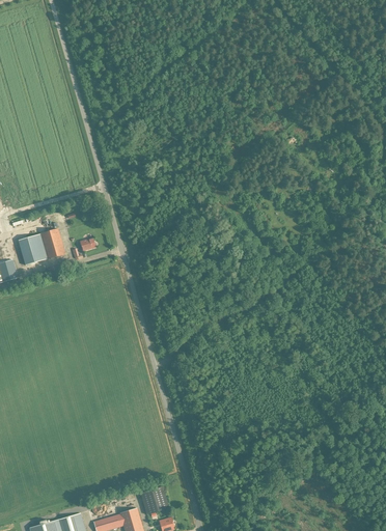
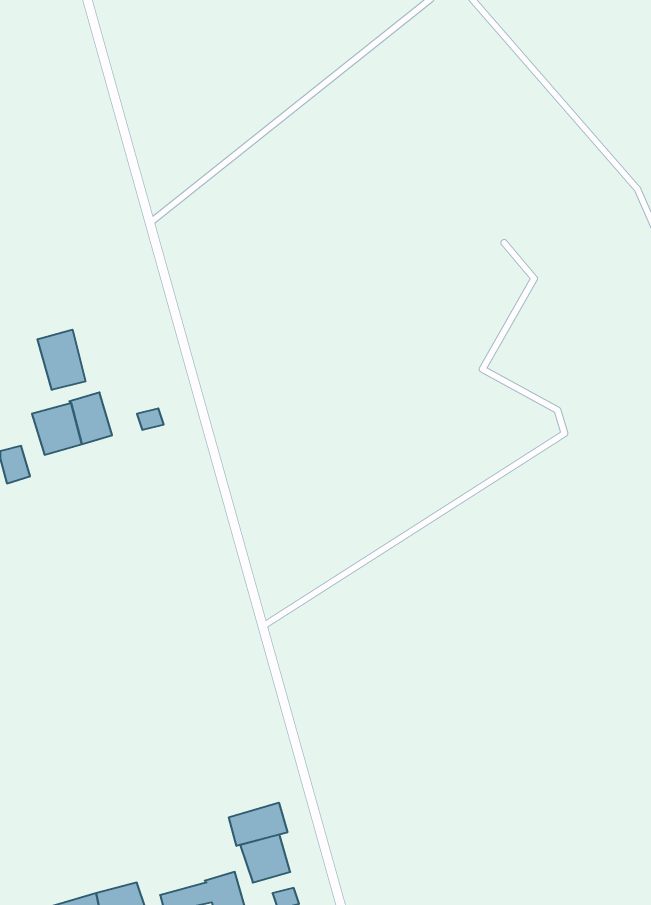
building: none -> [38,330,85,390]
building: none -> [229,803,287,846]

